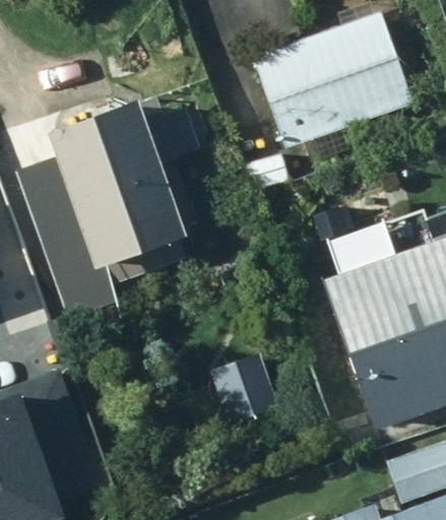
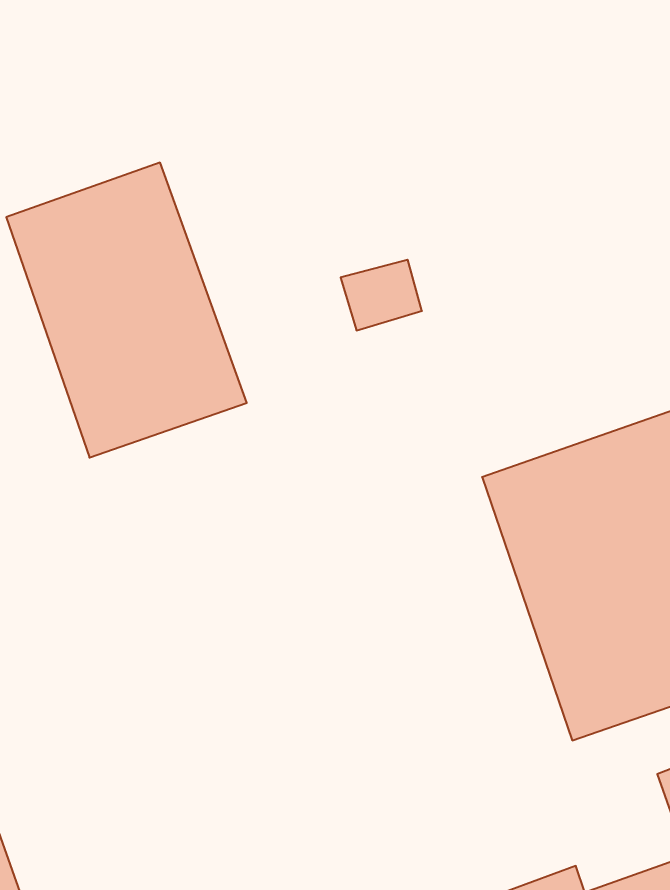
building: [254,12,412,147] -> none

